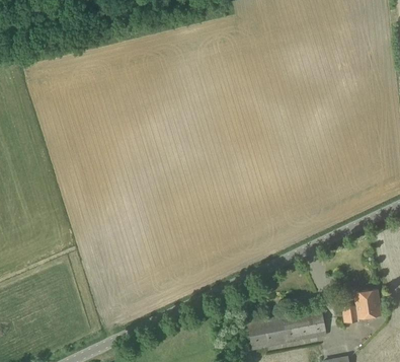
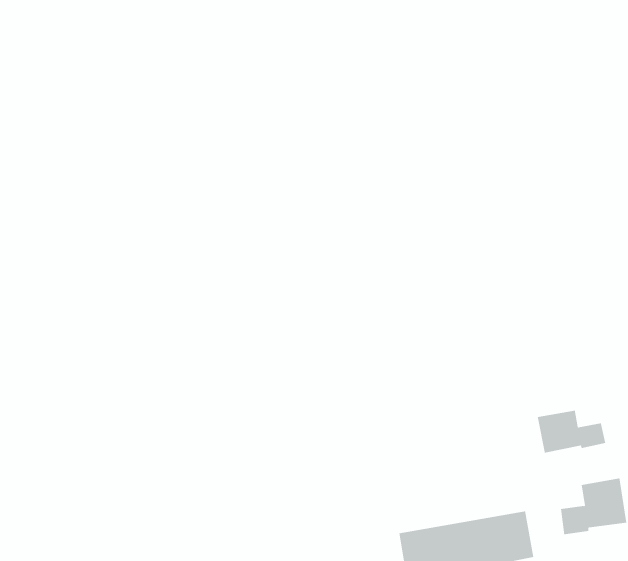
building: none -> [537,410,606,453]

